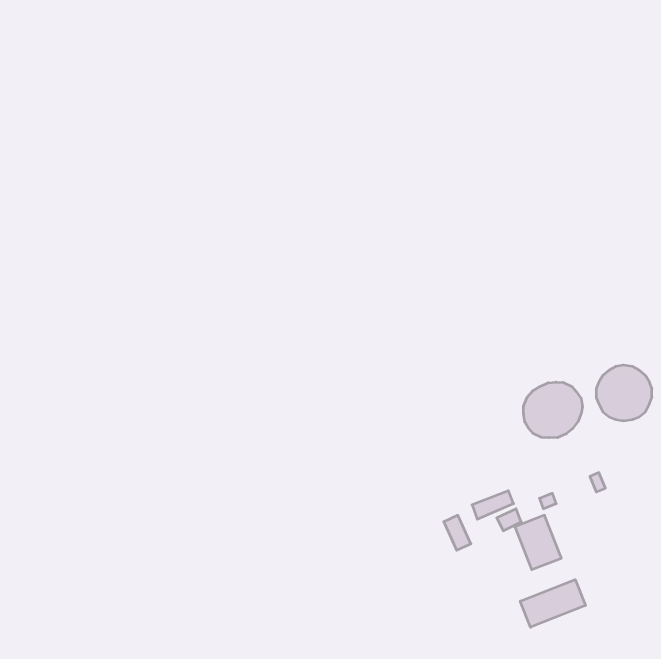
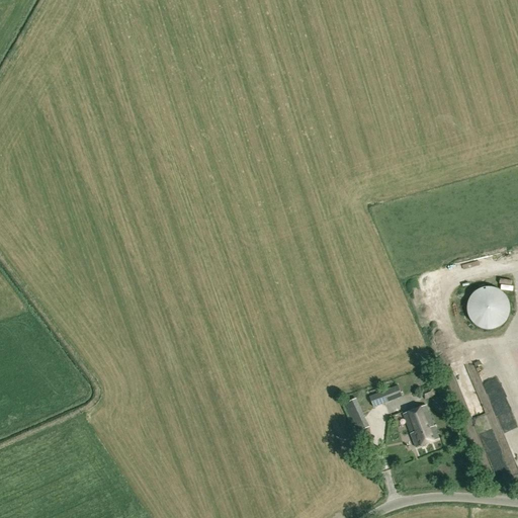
building: [524,382,582,438] -> none
building: [520,580,585,627] -> none

